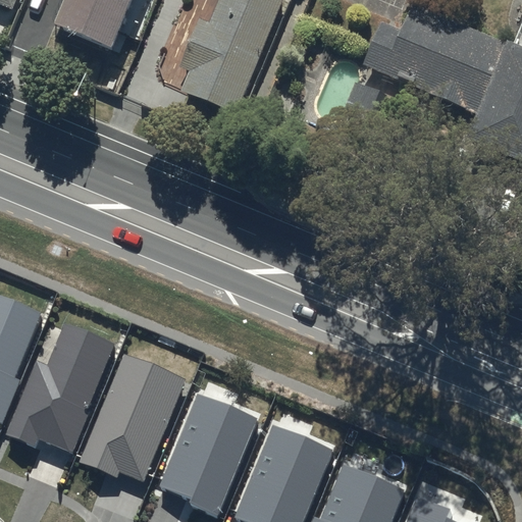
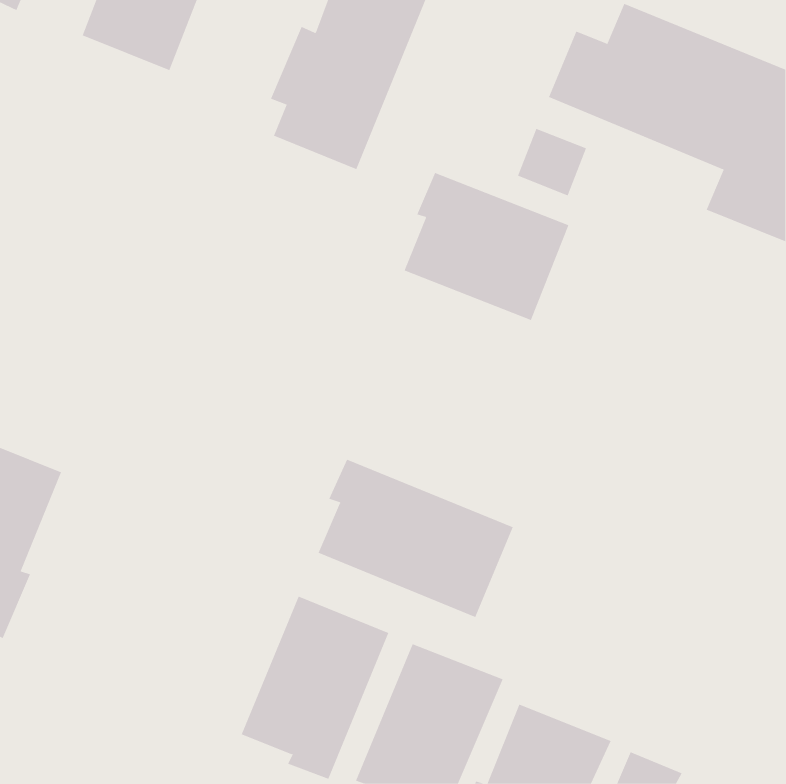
building: none -> [404,172,569,321]
building: none -> [318,459,513,618]
building: [6,323,114,452] -> none
building: [79,353,185,480] -> none

